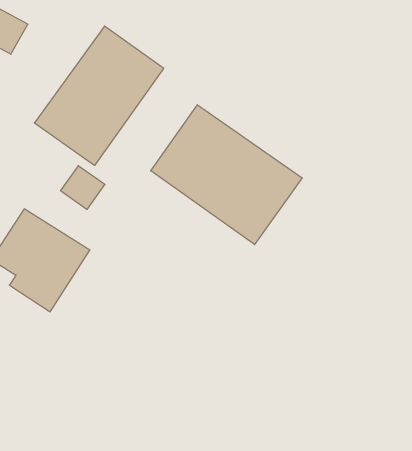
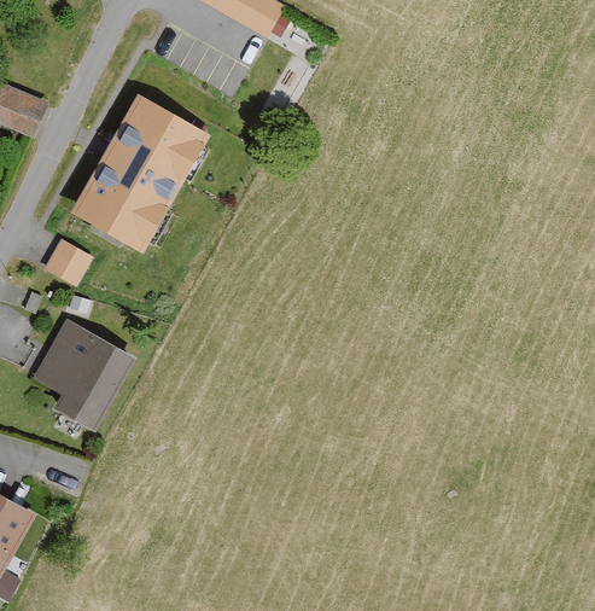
building: [151,105,302,245] -> none
building: [61,166,105,209] -> [41,238,91,286]

